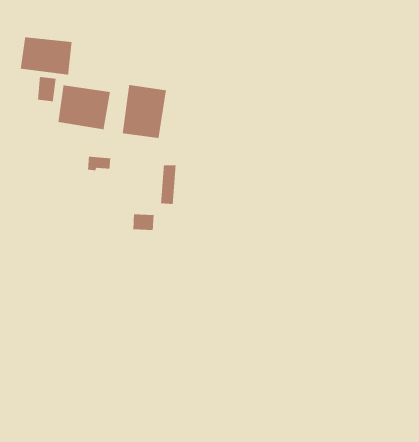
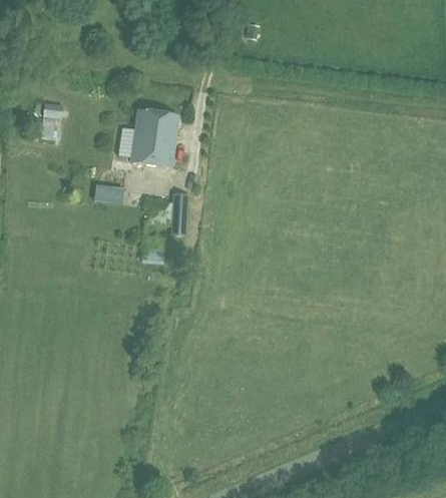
building: [20,36,73,75] -> none
building: [57,84,111,130] -> none

